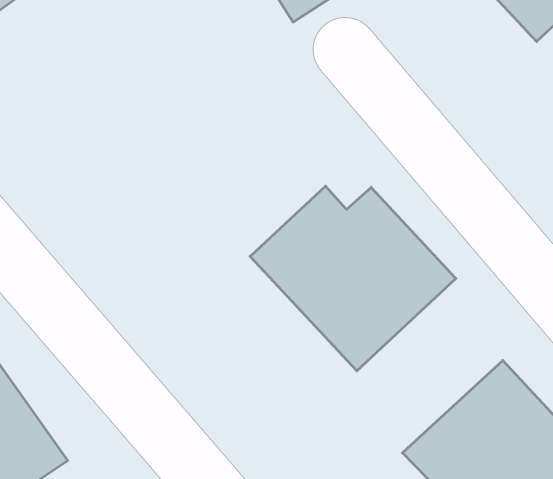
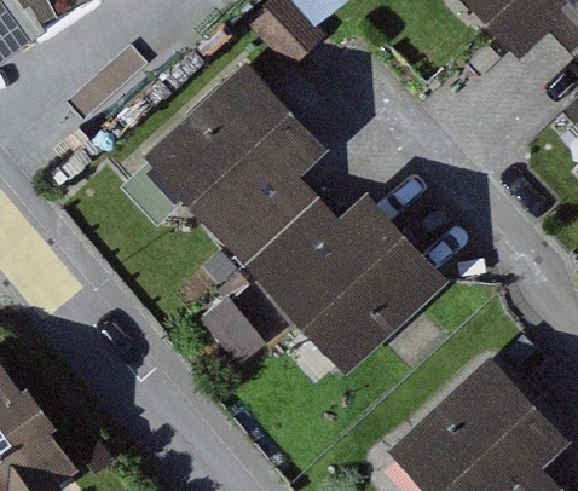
building: none -> [154,71,324,264]

